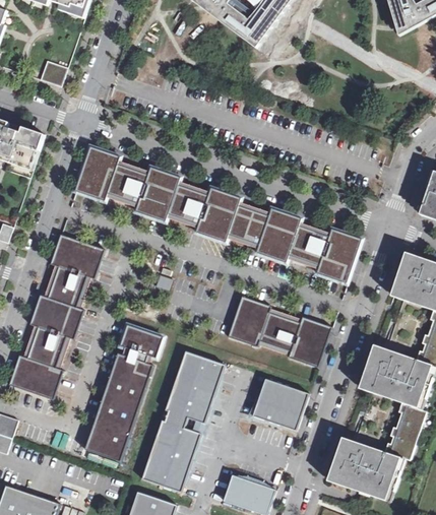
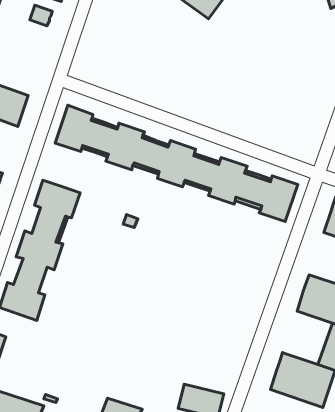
building: [40,60,66,84] -> [30,5,52,26]
building: [228,294,331,366] -> none
building: [87,321,164,459] -> none
building: [140,351,225,493] -> none
building: [251,378,309,431] -> none

